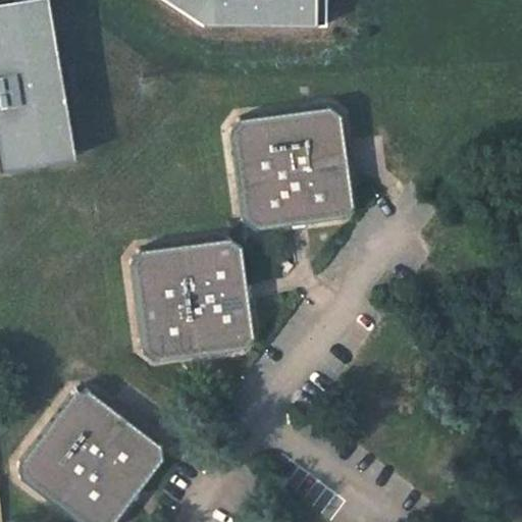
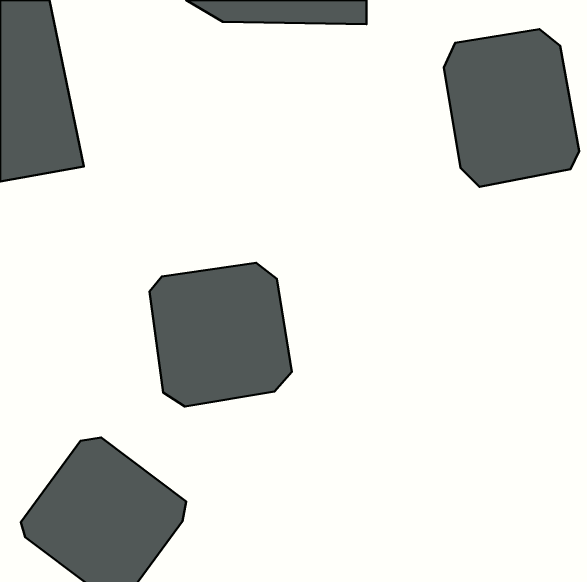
building: none -> [444,29,579,187]
building: [232,105,357,231] -> none

